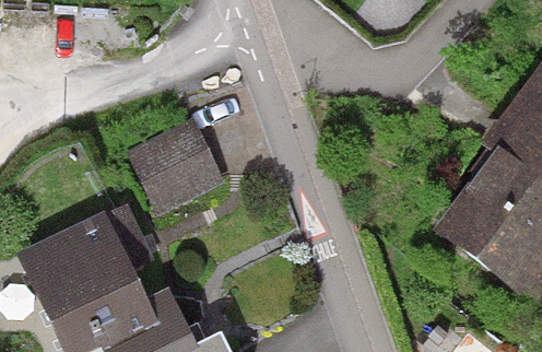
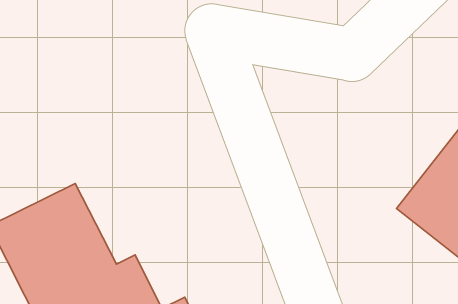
building: [127,117,226,215] -> none

